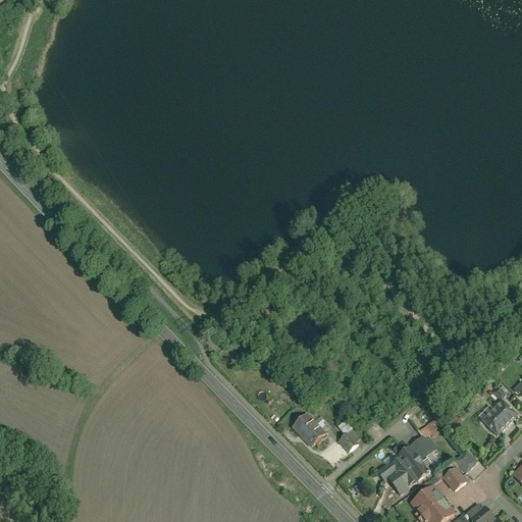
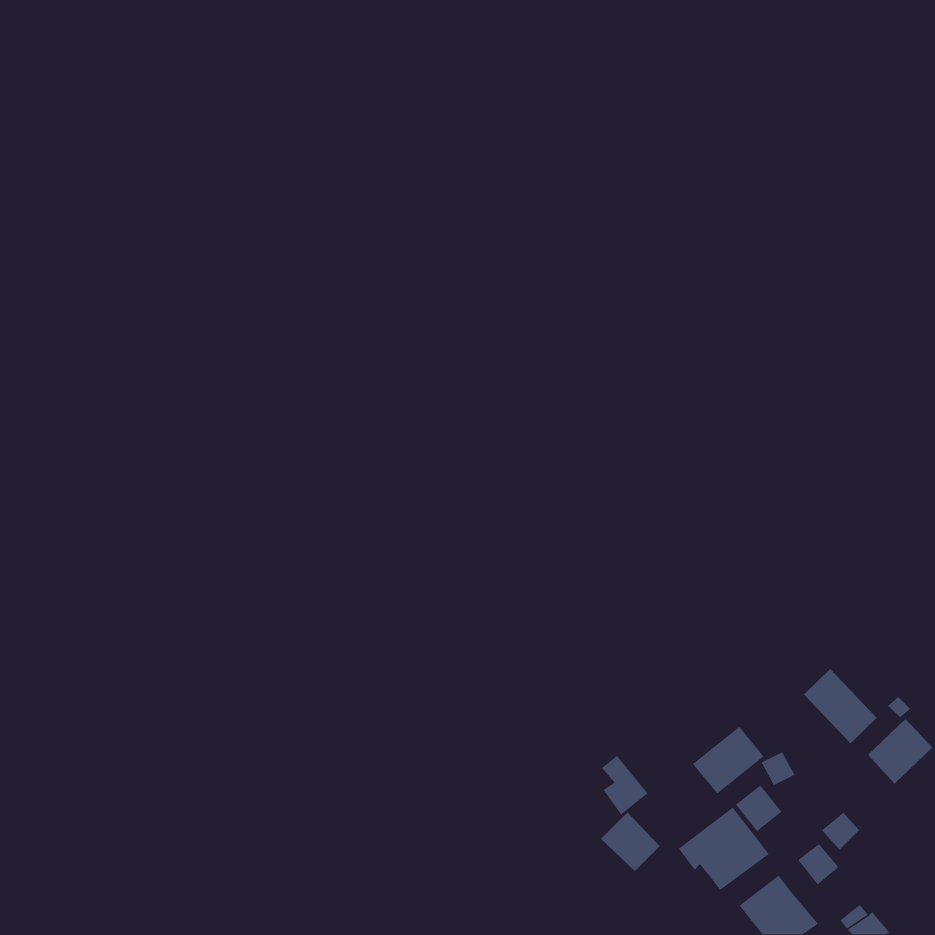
building: none -> [803,668,878,744]
building: none -> [692,726,765,795]
building: [292,413,325,447] -> [600,811,661,872]

